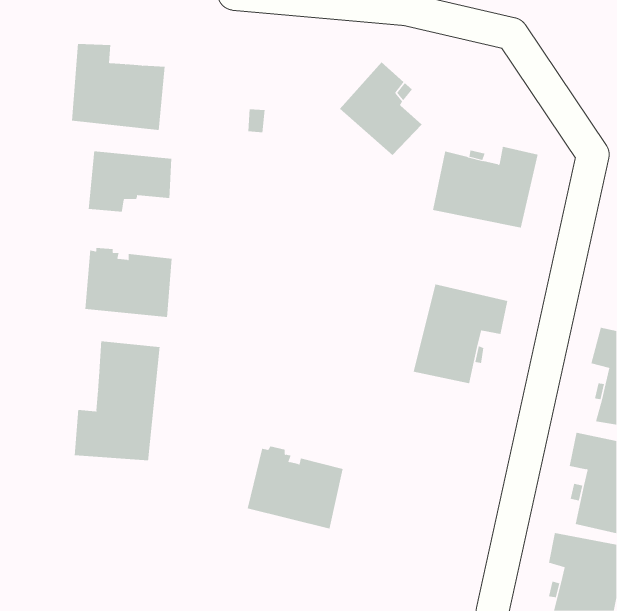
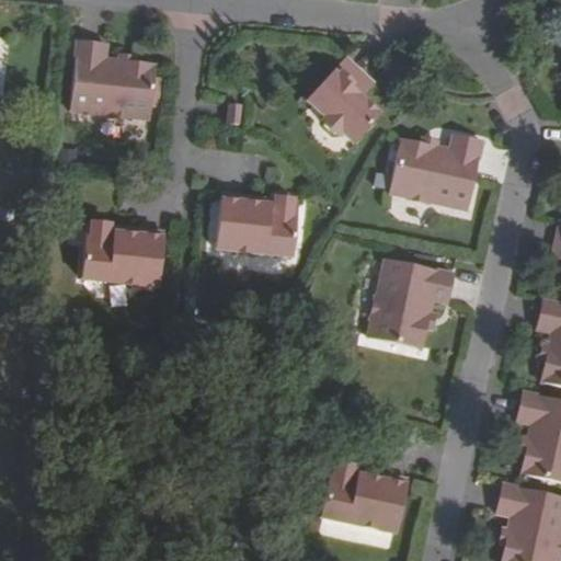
building: [88,150,172,213] -> none
building: none -> [211,191,295,256]
building: [74,341,160,461] -> none
building: [247,446,344,529] -> [324,461,412,537]

